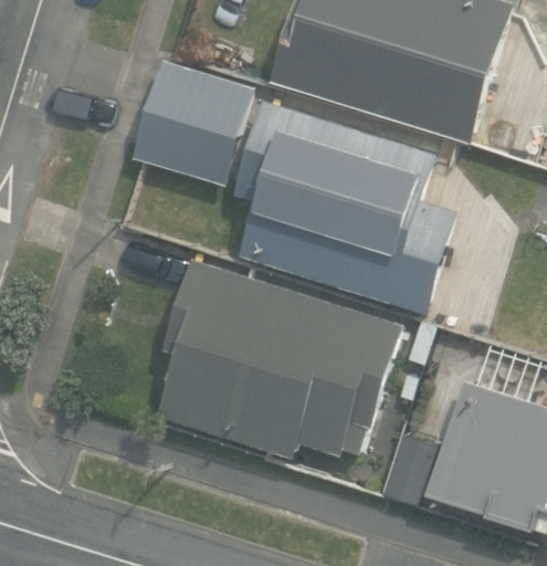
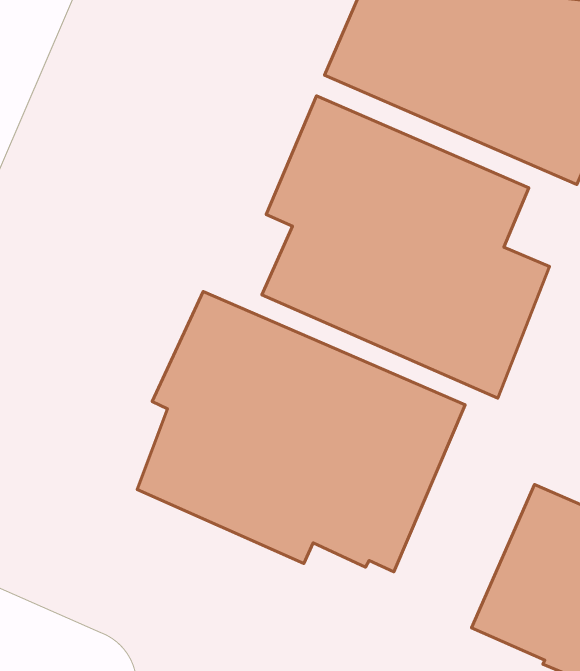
building: [130,60,254,187] -> none

